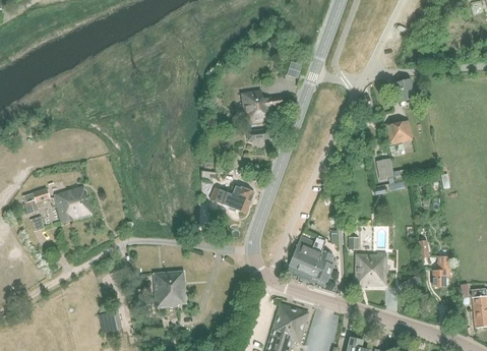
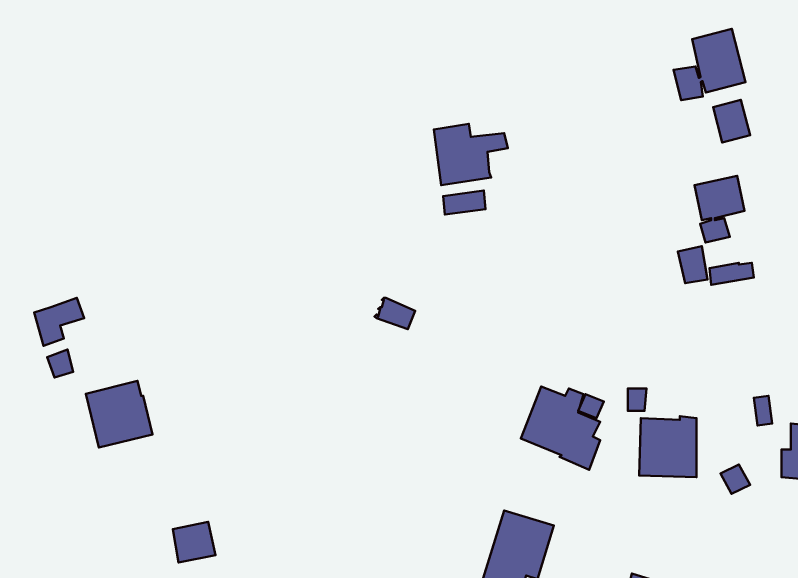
building: none -> [674,29,746,100]
building: [228,184,254,213] -> none
building: [55,186,92,223] -> [86,381,152,447]
building: [154,271,186,307] -> none

